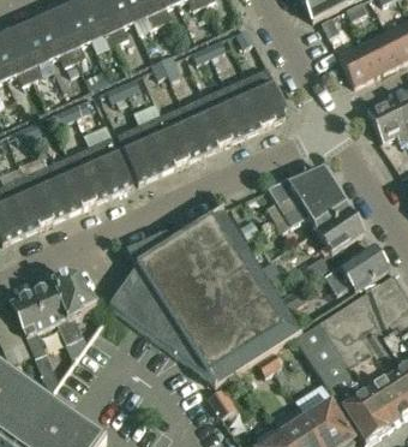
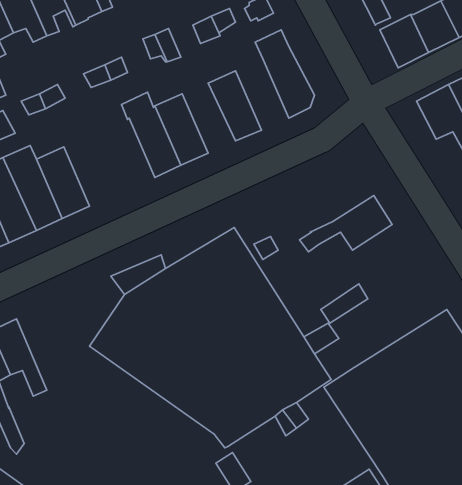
building: [224,77,266,133] -> none
building: [182,96,224,151] -> none
building: [118,124,161,180] -> none
building: [89,137,131,193] -> none
building: [266,163,334,220] -> none
building: [317,208,364,252] -> none
building: [325,245,386,292] -> none
building: [52,275,95,339] -> none

